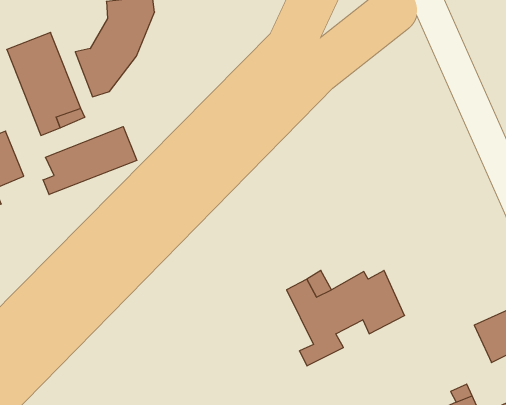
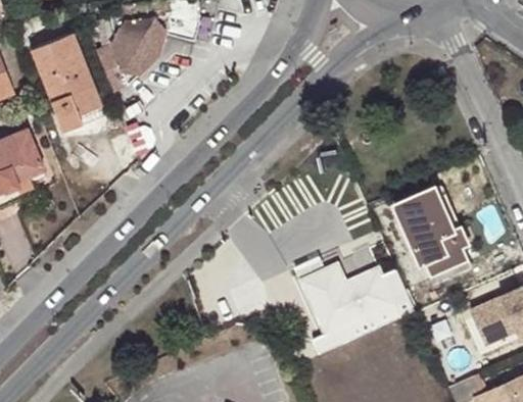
building: [43,127,137,195] -> none
building: none -> [394,187,470,277]

